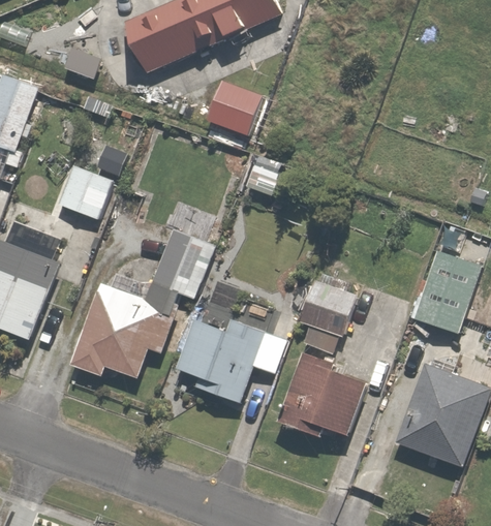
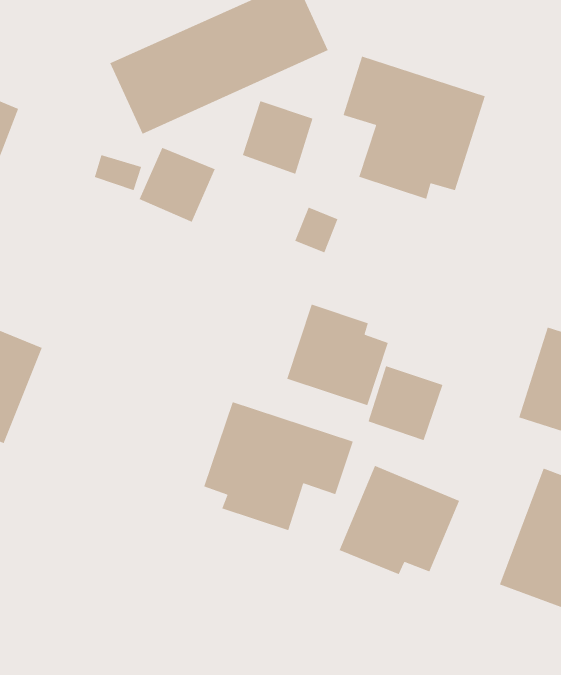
building: none -> [342,56,486,200]
building: [55,163,113,220] -> [138,147,216,223]
building: [70,230,213,379] -> none
building: none -> [286,303,389,406]

